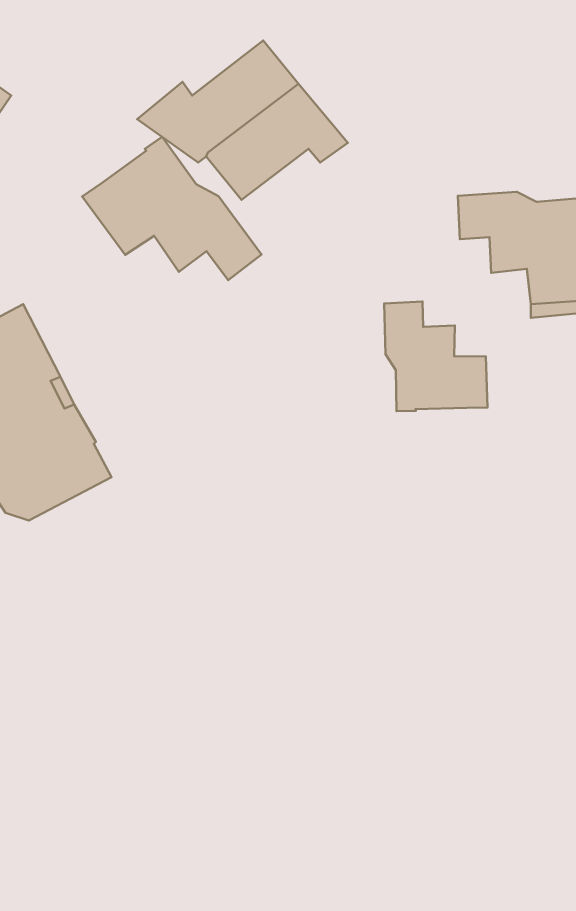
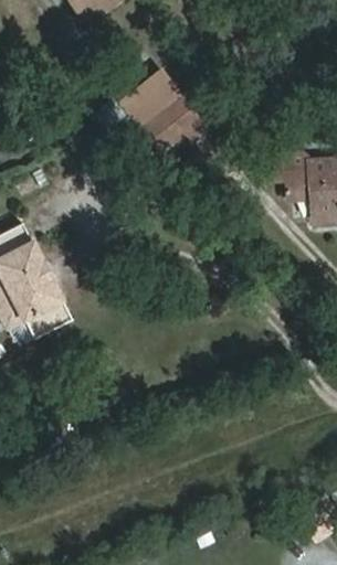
building: [82,137,262,280] -> none
building: [384,301,487,411] -> none

